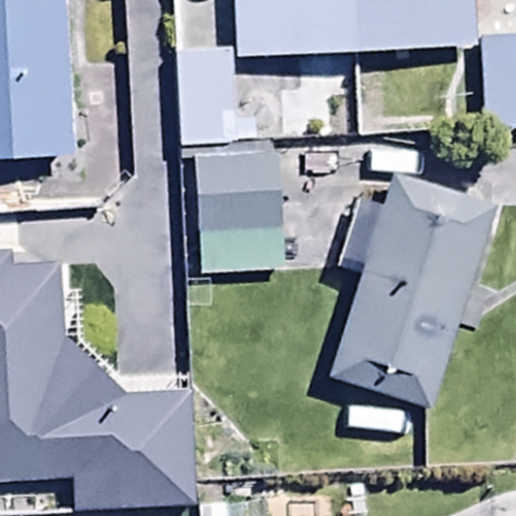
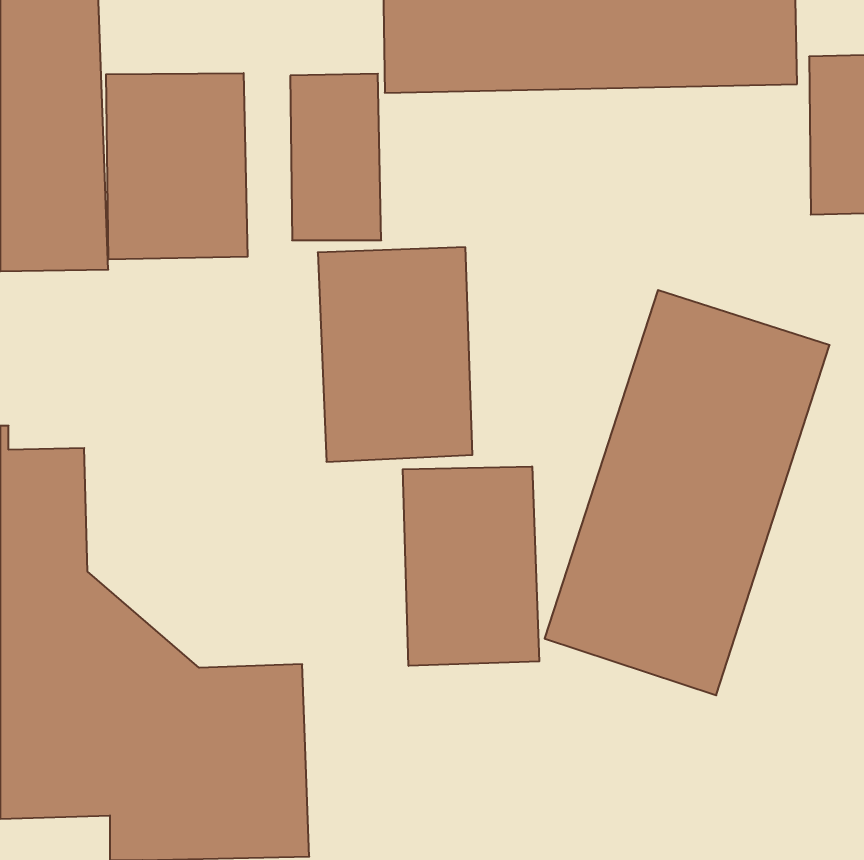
building: none -> [106,73,248,260]
building: none -> [403,466,539,666]

